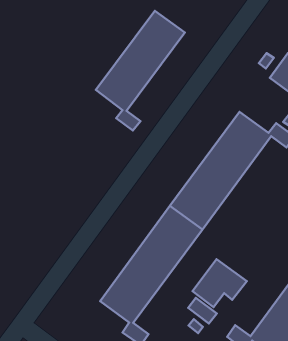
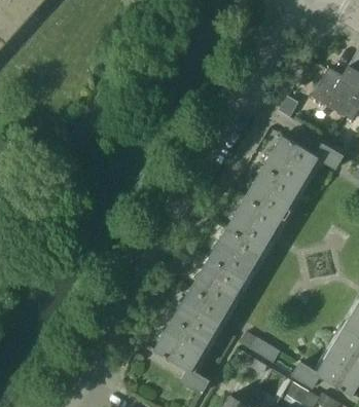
building: [96,11,185,130] -> none
building: [192,259,247,307] -> none

